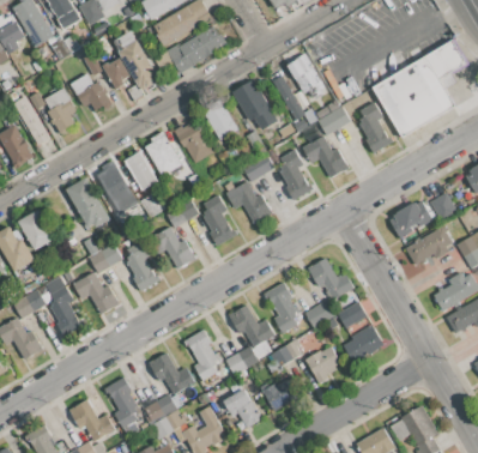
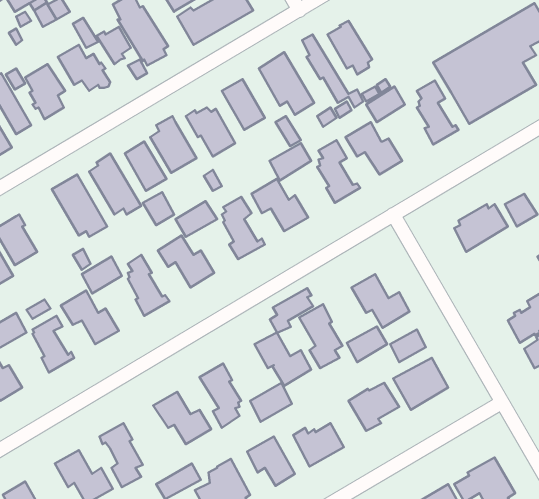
building: [405,226,452,265] -> none
building: [266,339,301,375] -> [270,288,313,333]
building: [140,394,176,423] -> none

